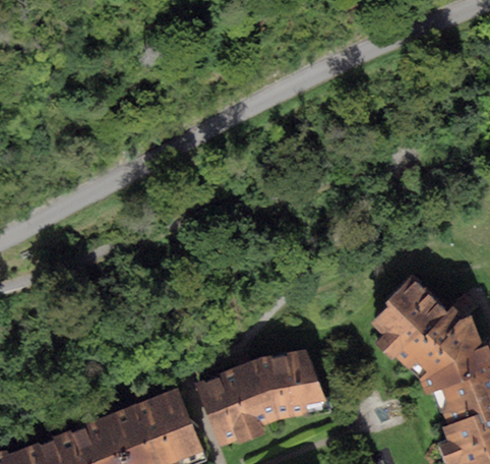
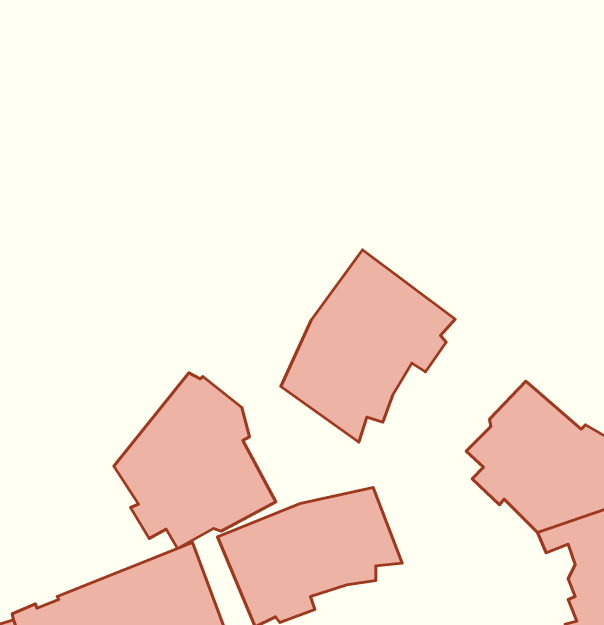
building: none -> [281,250,455,442]
building: none -> [114,373,276,549]

